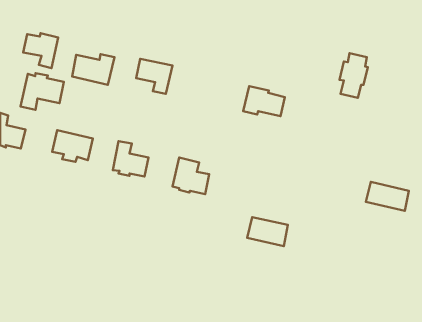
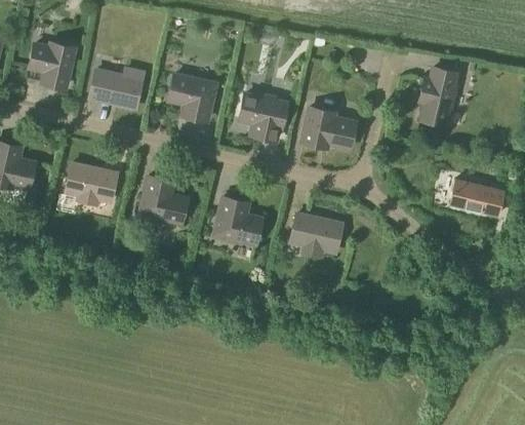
building: [20,73,64,110] -> none
building: none -> [241,94,286,140]
building: [366,182,409,211] -> [452,180,506,216]
building: [247,217,288,246] -> [291,216,341,252]

